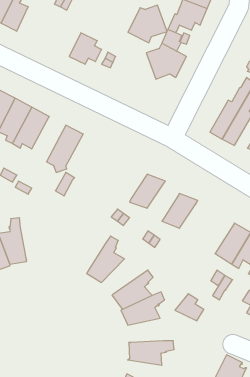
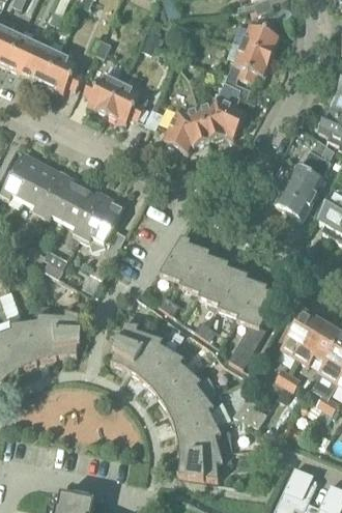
building: [128,5,167,43] -> [163,109,209,153]
building: none -> [45,54,83,91]
building: none -> [83,75,120,113]
building: none -> [62,184,103,238]
building: none -> [159,237,202,282]
building: none -> [197,264,240,306]
building: none -> [228,288,279,368]
building: none -> [49,303,78,355]
building: none -> [110,313,149,369]
building: none -> [144,344,191,396]
building: none -> [175,421,230,453]

